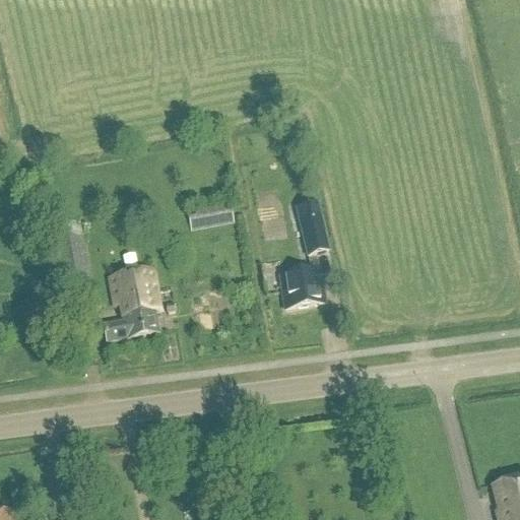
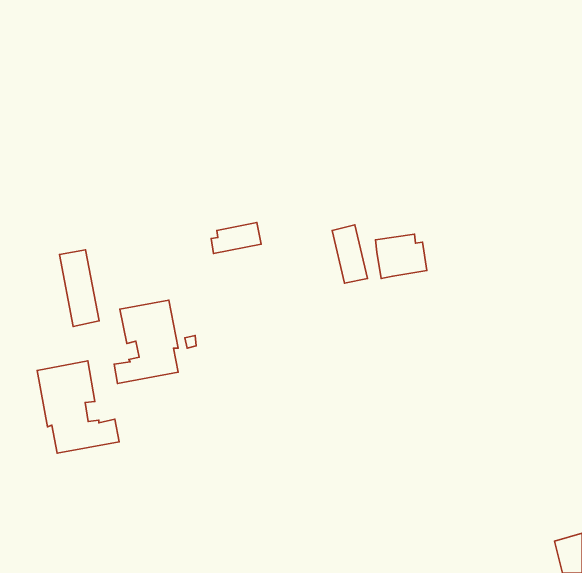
building: [278,268,324,308] -> [376,234,427,279]
building: none -> [37,361,119,453]

